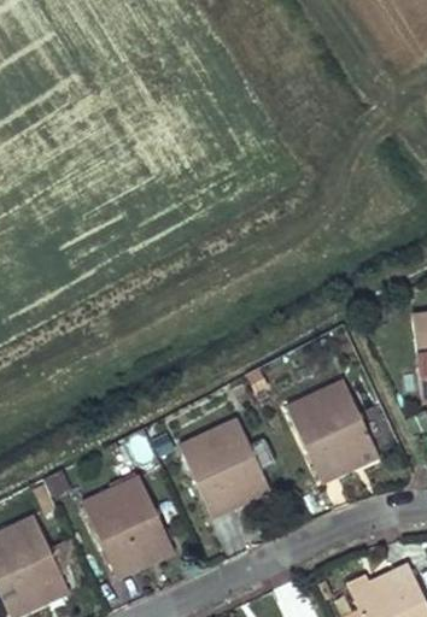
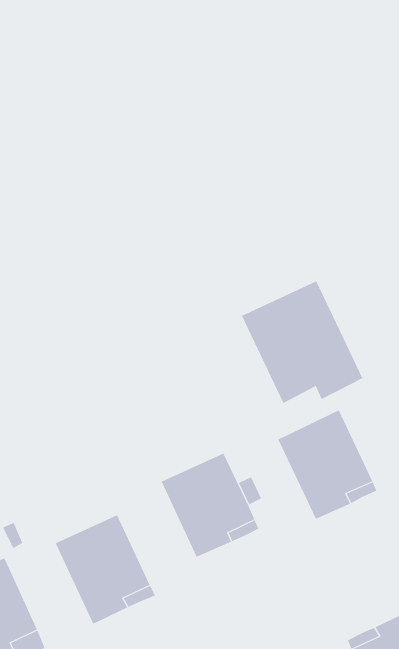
building: none -> [241,281,363,404]

